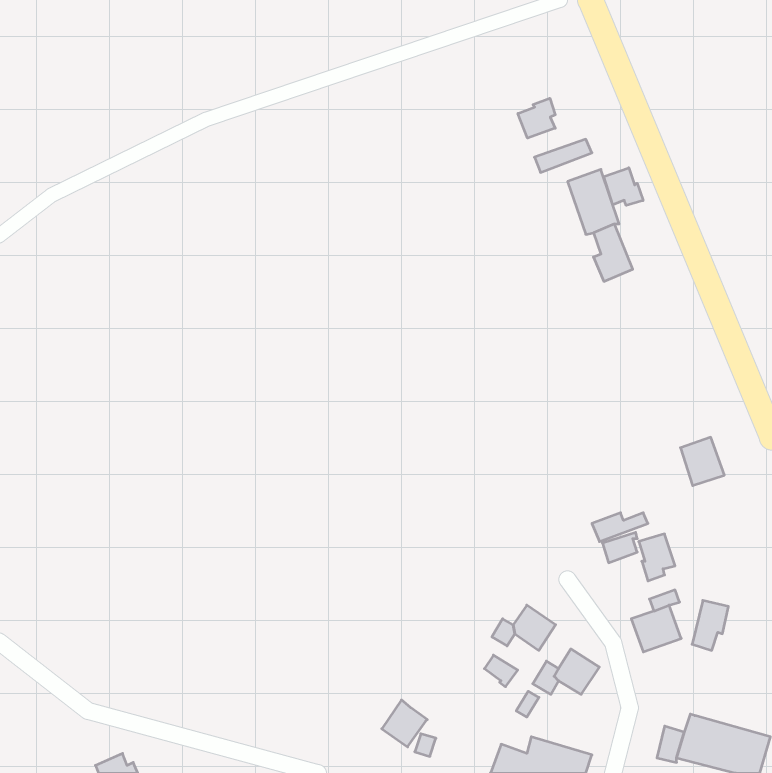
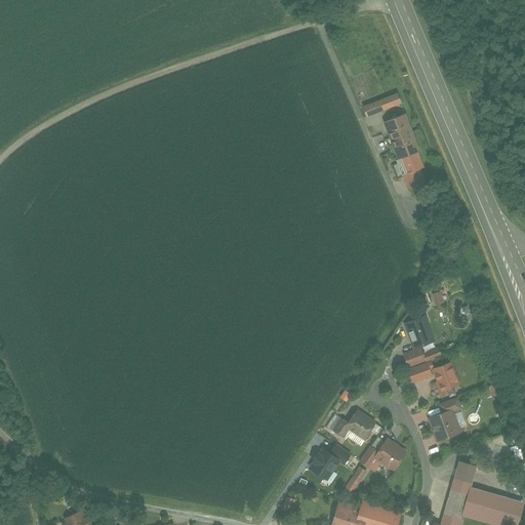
building: [518,98,555,138] -> none
building: [604,168,643,205] -> none
building: [680,437,724,486] -> [403,315,433,348]
building: [692,600,728,650] -> [450,462,475,496]
building: [382,700,427,747] -> [309,448,339,480]

